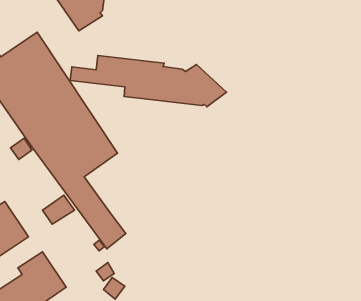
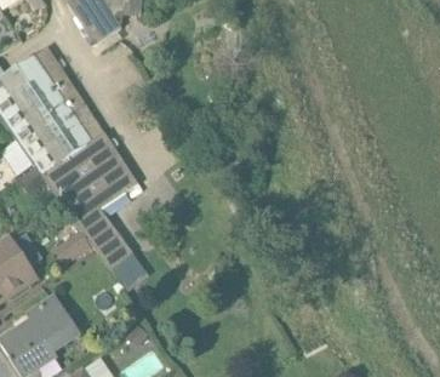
building: [70,56,226,107] -> none

